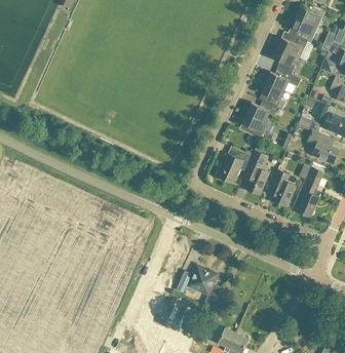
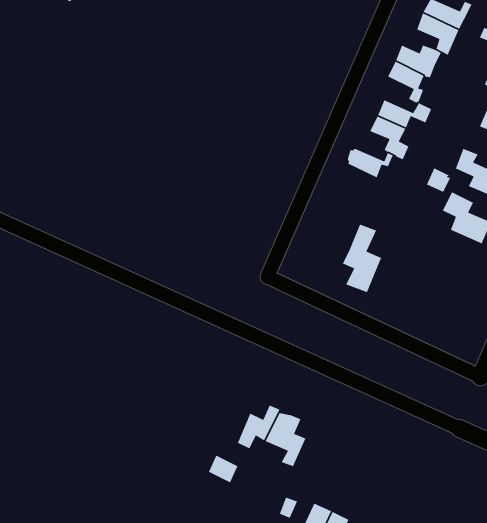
building: [240,111,267,139] -> none
building: [215,149,252,183] -> none
building: [296,166,321,215] -> none
building: [267,168,294,204] -> none

